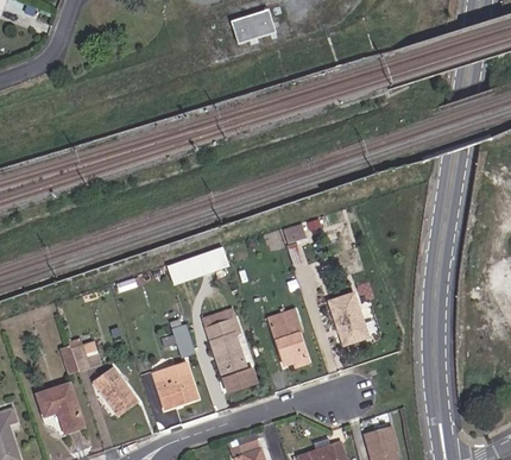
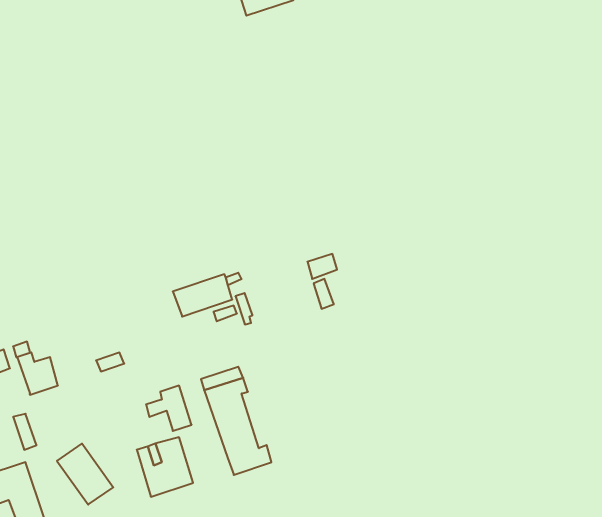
building: [329,294,367,345] -> none
building: [270,310,308,367] -> none
building: [69,339,100,371] -> [17,352,58,395]

